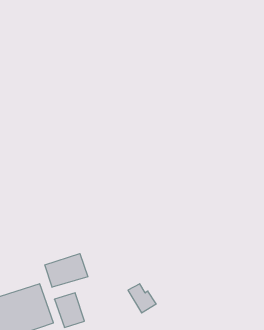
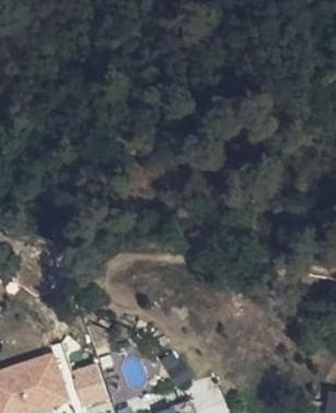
building: [45,254,88,287] -> none

